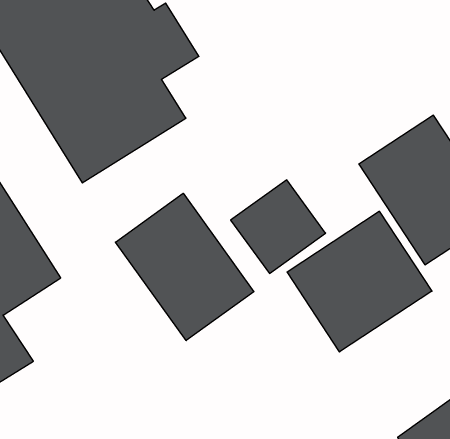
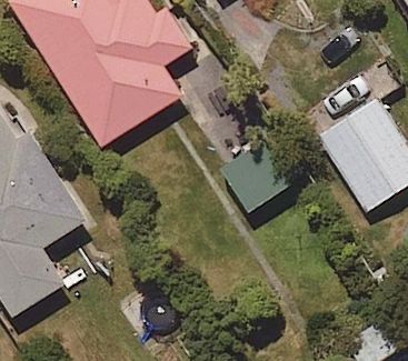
building: [115,193,254,341] -> none
building: [287,211,432,352] -> none

